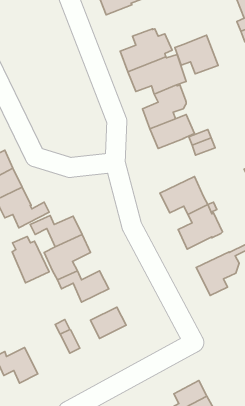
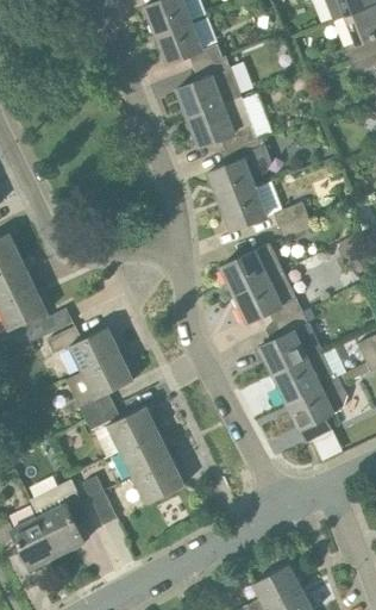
building: none -> [155,23,221,68]
building: [175,35,218,74] -> none
building: none -> [219,244,282,294]
building: none -> [271,353,332,402]
building: [12,236,49,283] -> none
building: none -> [119,432,170,478]
building: none -> [37,491,88,555]

